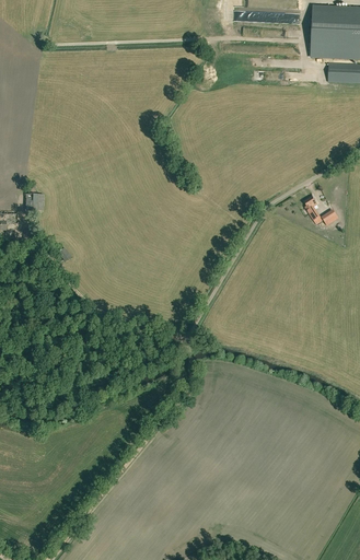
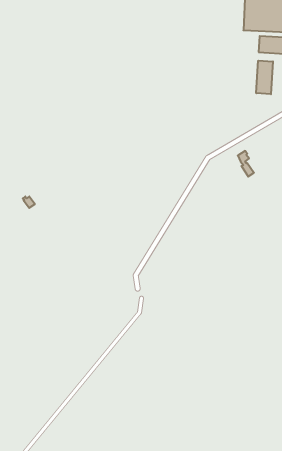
building: none -> [256,61,273,94]

